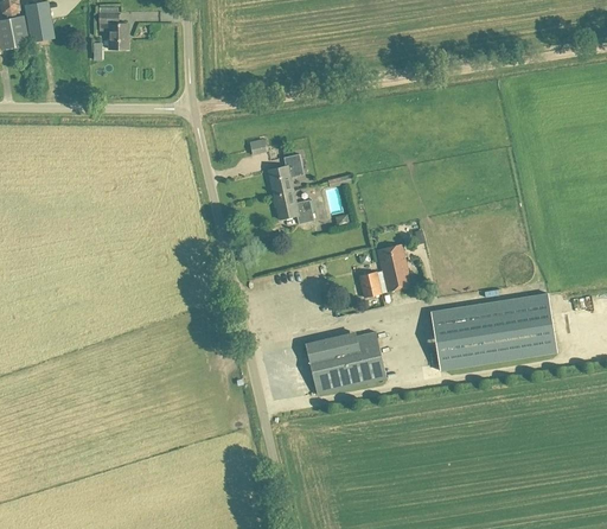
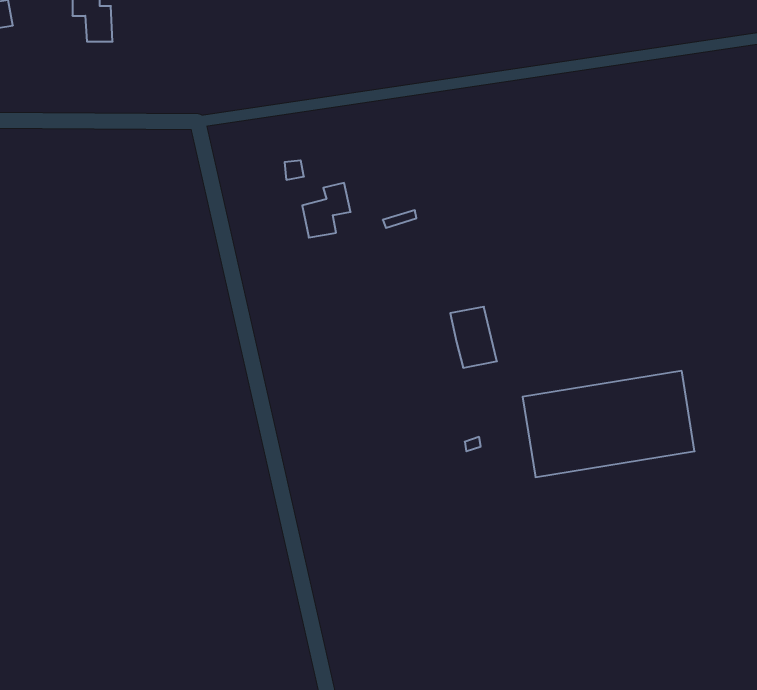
building: [271,190,313,223] -> none
building: [358,270,385,297] -> none
building: [305,330,385,394] -> none

